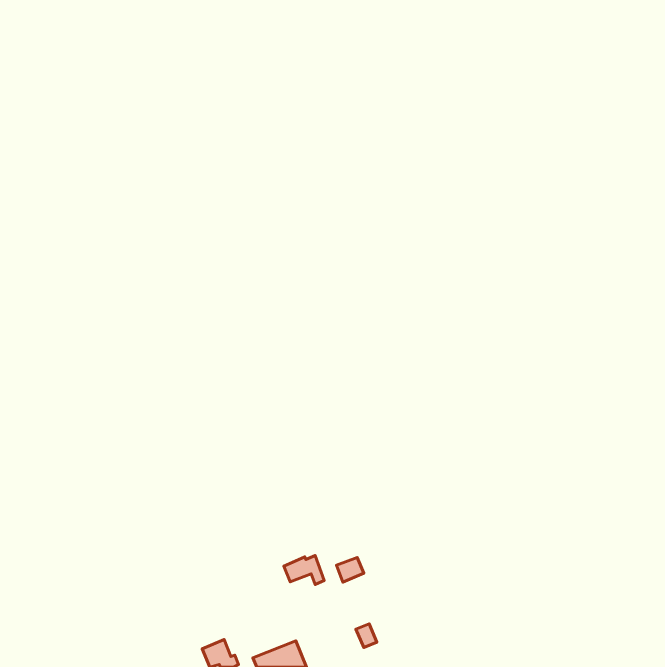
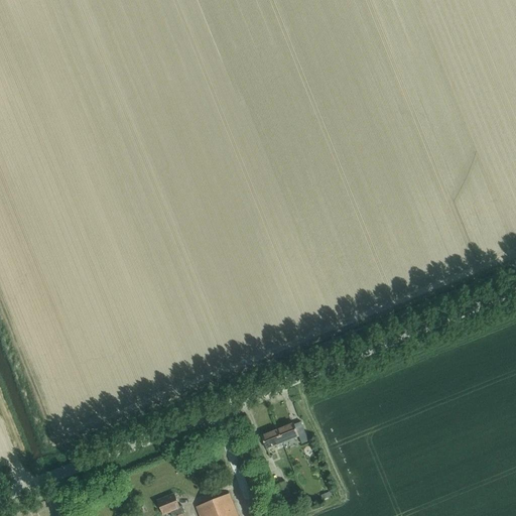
building: [284,556,324,584] -> [276,422,307,444]

